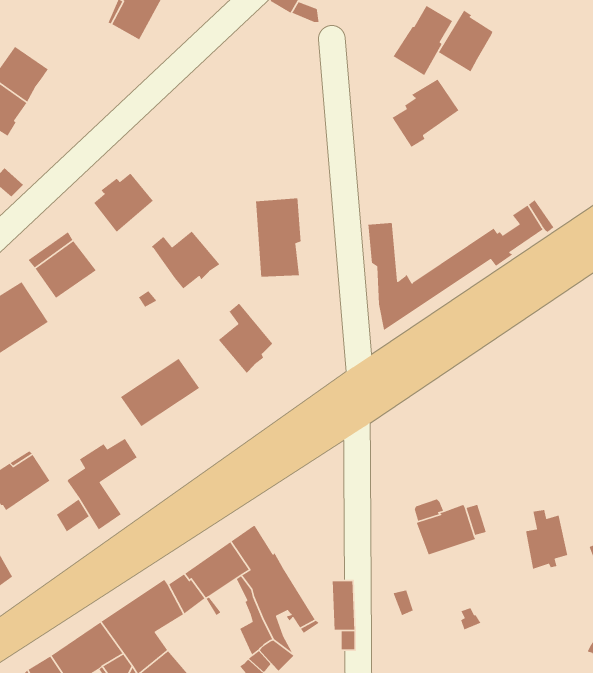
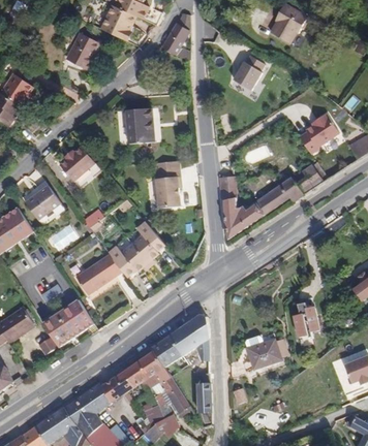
building: [438,10,494,73] -> none
building: [392,78,459,148] -> [299,114,338,154]
building: none -> [126,107,154,144]
building: [151,231,220,289] -> [108,244,148,278]
building: none -> [150,314,209,368]
building: [525,509,568,570] -> [294,302,318,338]

